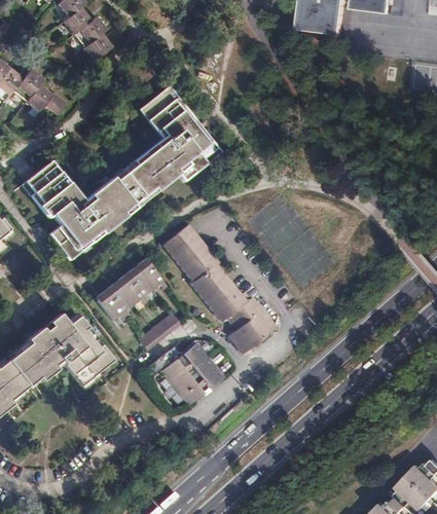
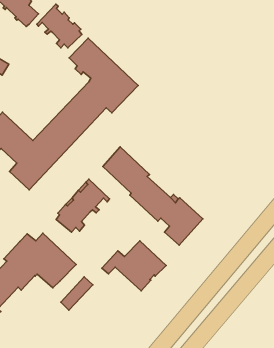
building: none -> [37,4,82,48]
building: [139,311,181,350] -> [61,277,93,310]

